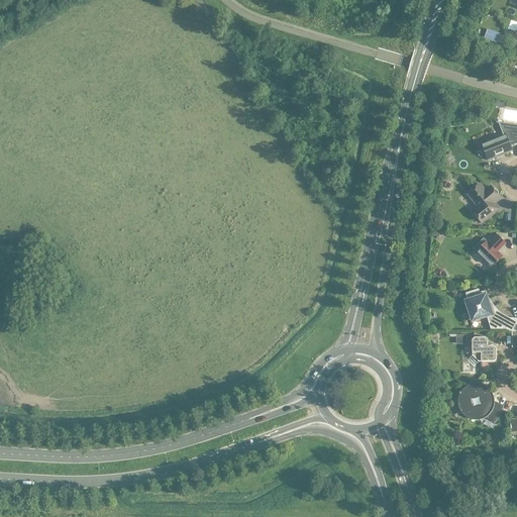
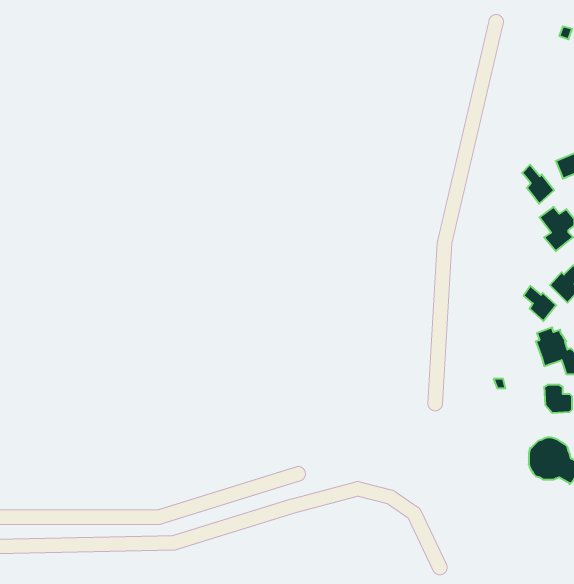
building: none -> [522,165,554,204]
building: none -> [524,286,556,321]

